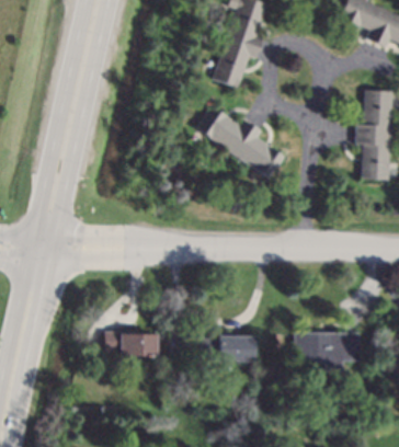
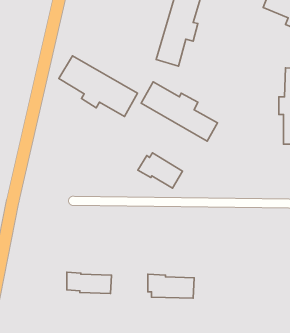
building: none -> [59,56,138,116]
building: none -> [138,153,182,188]
building: [296,331,362,370] -> none

